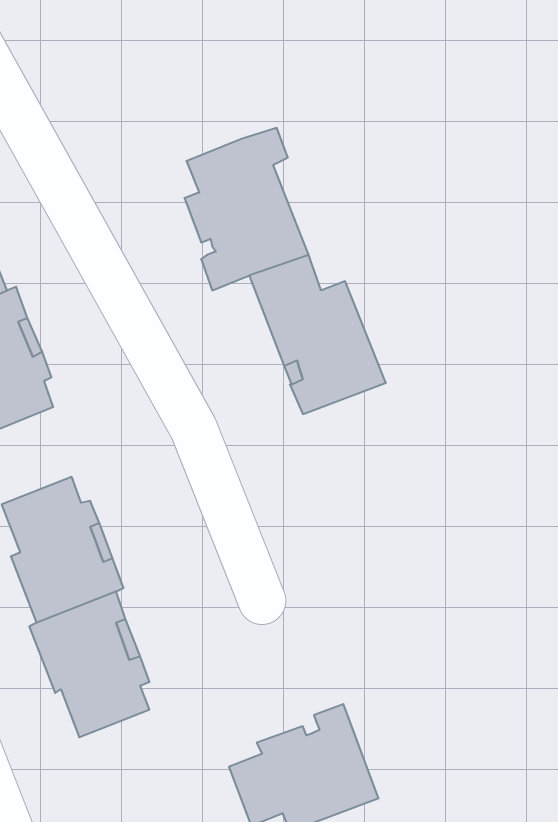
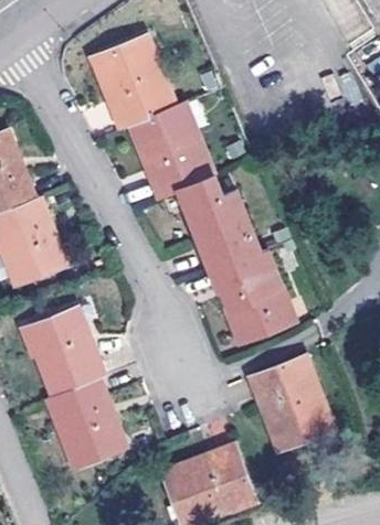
building: none -> [102,41,173,130]
building: none -> [210,251,286,340]
building: none -> [250,357,325,448]

